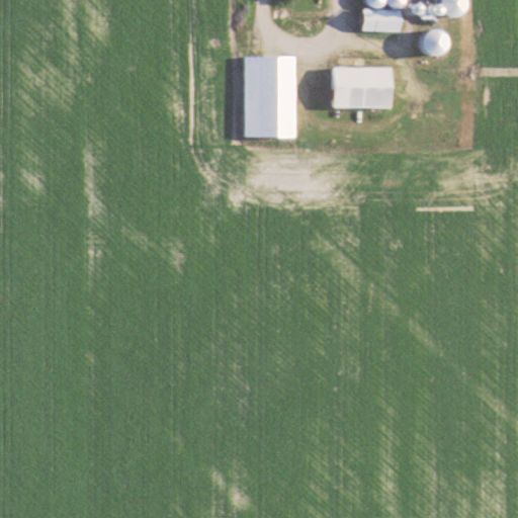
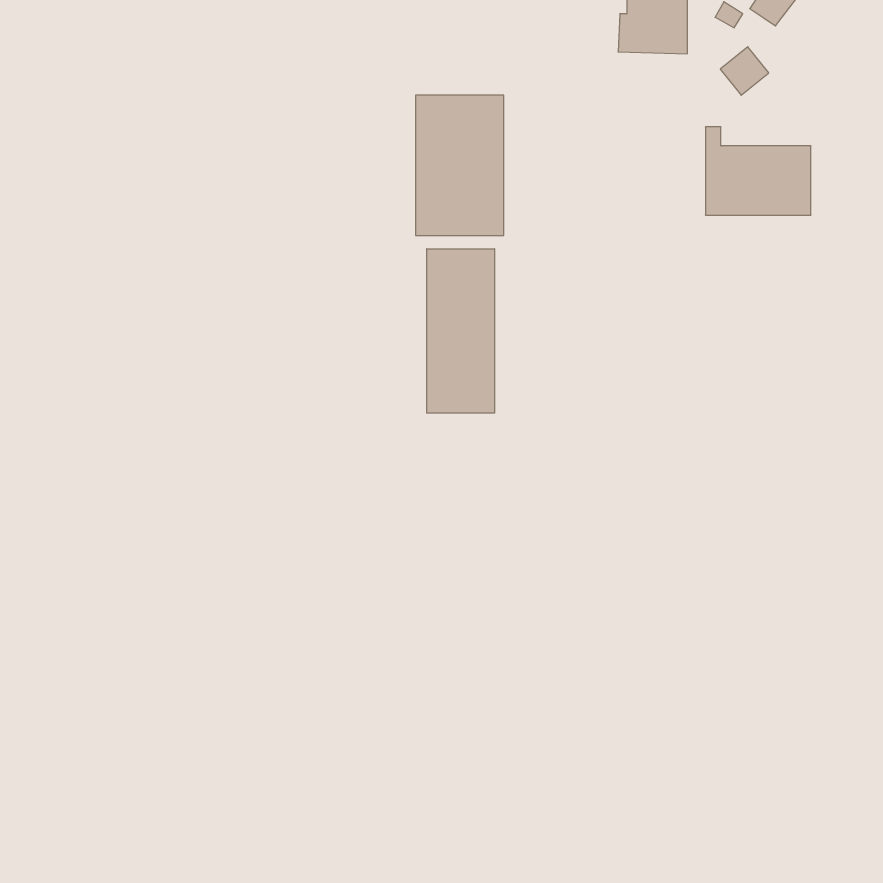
building: [331,56,393,107] -> [705,127,811,215]
building: none -> [427,249,495,413]

